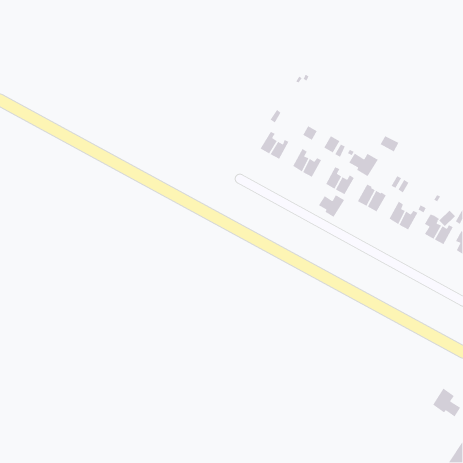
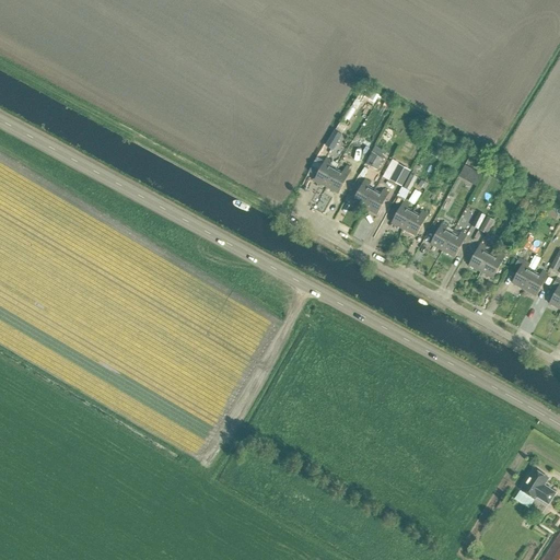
building: [348,152,379,177] -> none
building: [318,194,345,218] -> none

